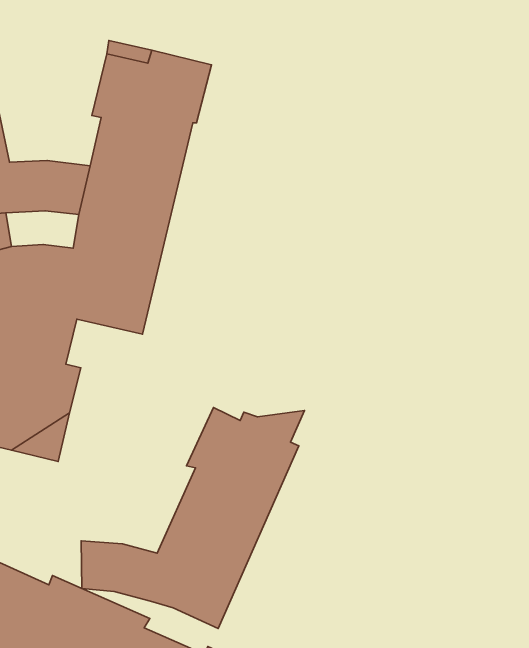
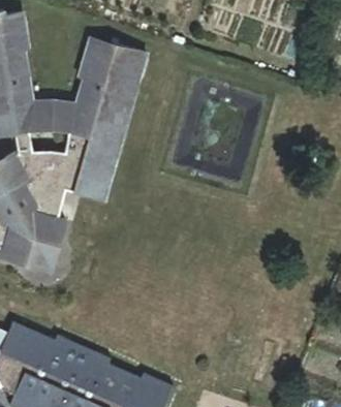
building: [81,408,305,628] -> none

